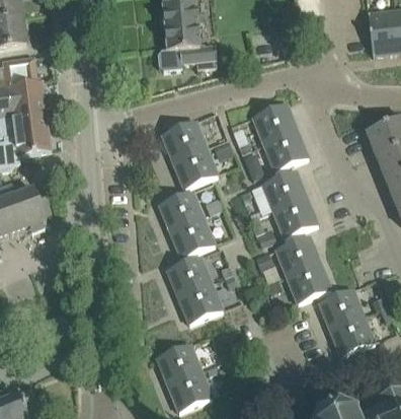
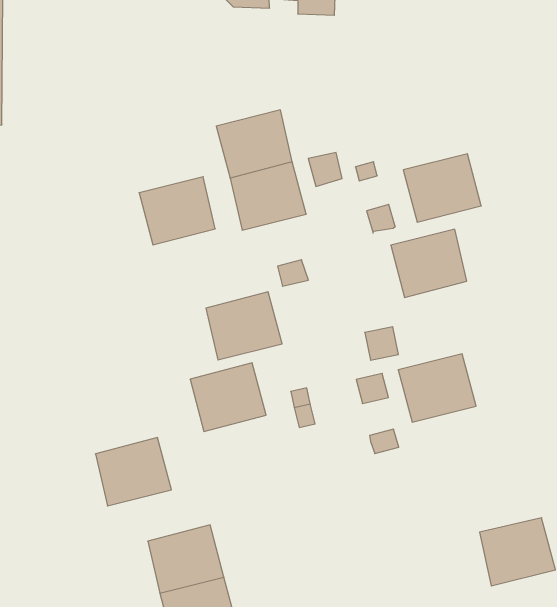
building: [254,103,297,143] -> none
building: [160,191,203,230] -> [139,177,215,245]
building: [274,197,317,236] -> none
building: [288,262,330,301] -> none
building: [179,282,222,322] -> [95,438,171,506]
building: [320,288,363,328] -> none

